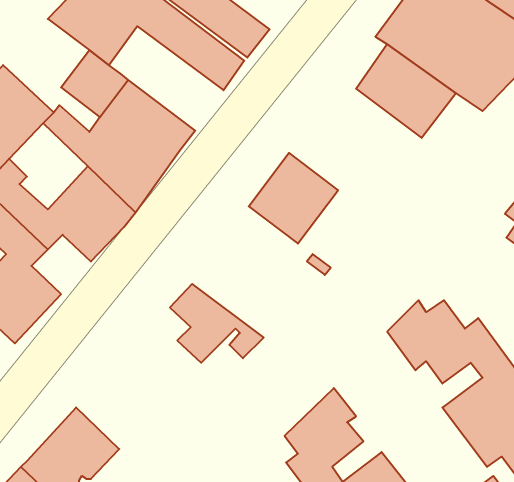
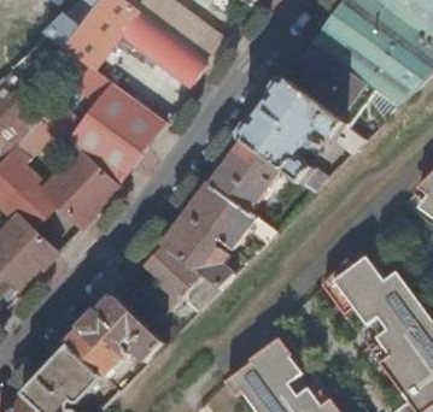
building: none -> [241,78,365,192]
building: none -> [163,181,257,287]
building: none -> [69,296,164,377]

